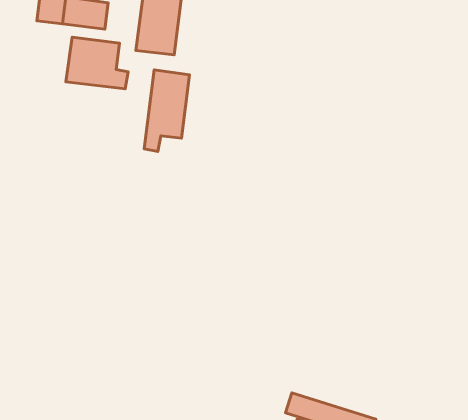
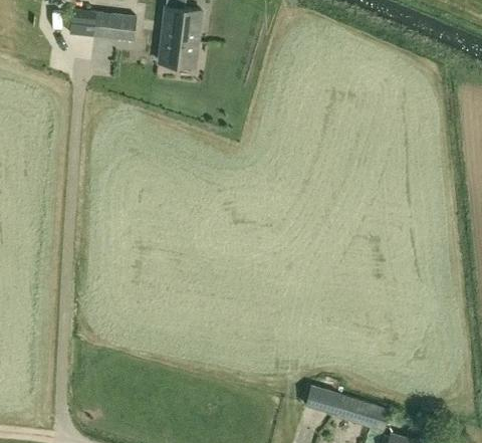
building: [66,37,128,89] -> none
building: [144,70,190,152] -> none

